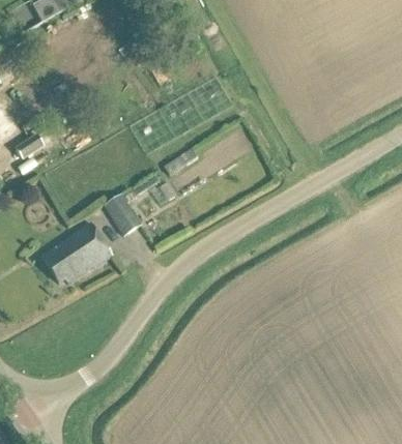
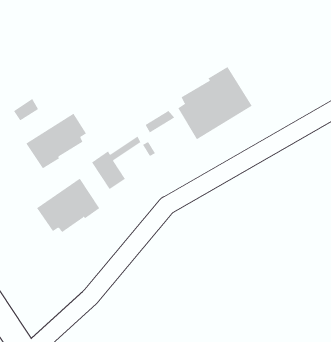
building: none -> [177,66,253,140]
building: none -> [26,113,87,169]

